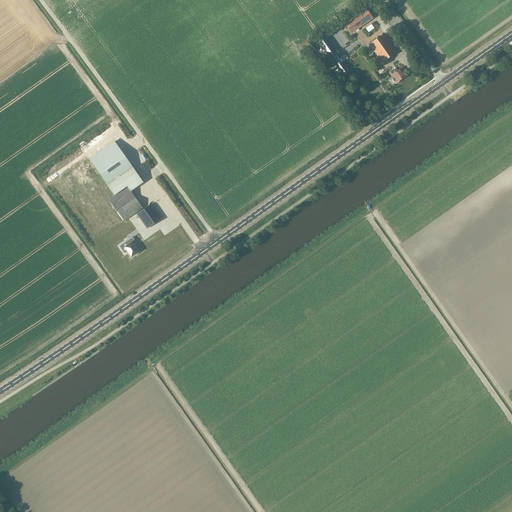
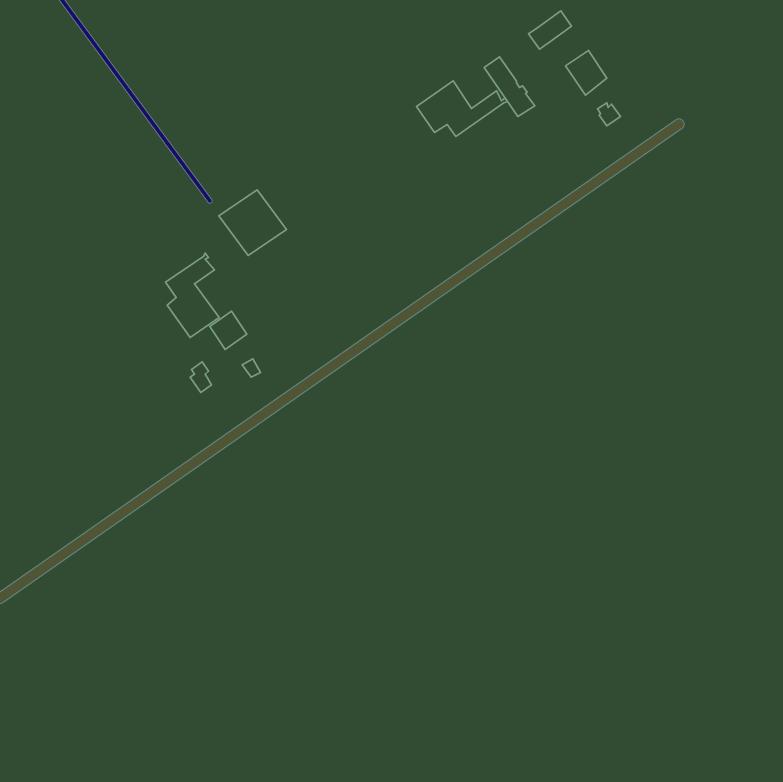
building: none -> [417,81,508,137]
building: [89,141,133,184] -> [219,190,286,256]

